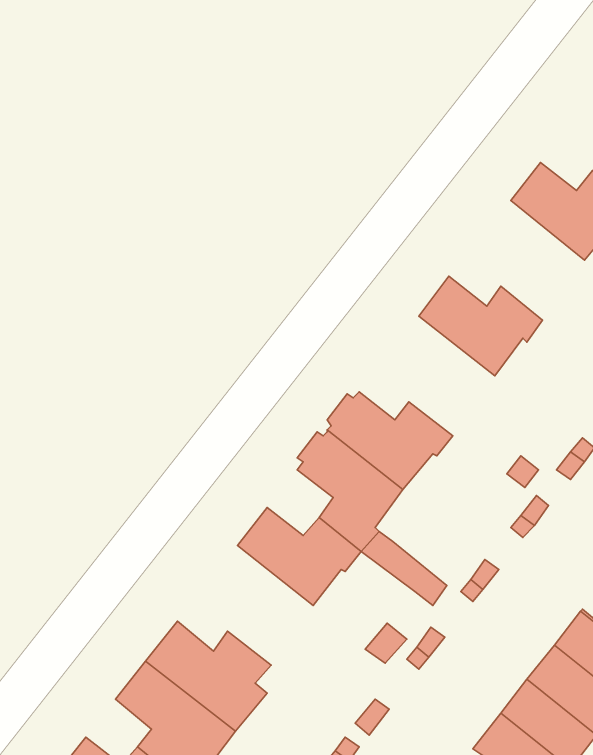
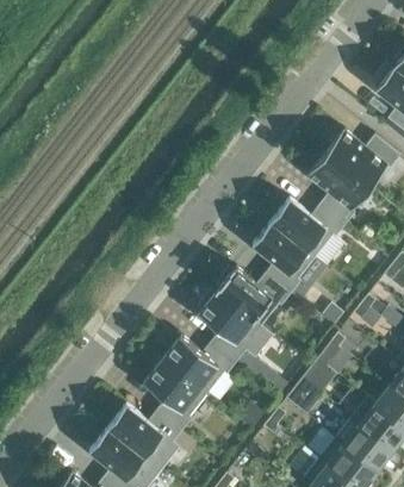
building: none -> [306,152,369,224]
building: none -> [251,221,316,293]
building: none -> [143,358,207,430]

